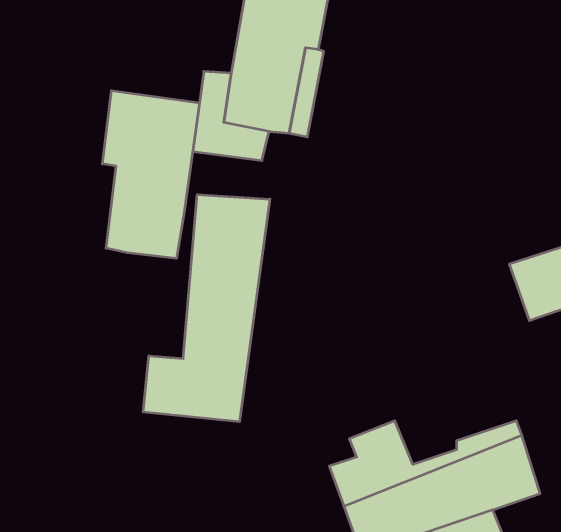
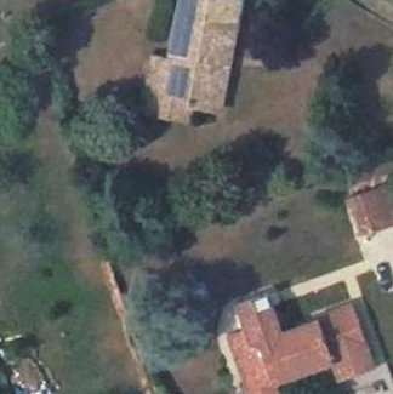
building: [102,91,200,258] -> none
building: [143,195,270,422] -> none

